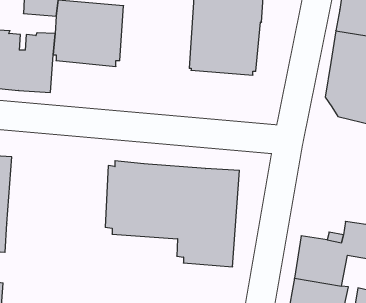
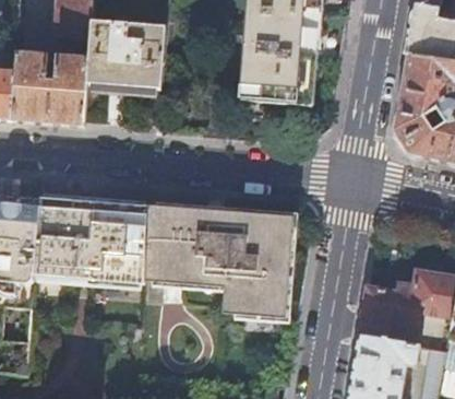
building: none -> [34,193,148,290]

